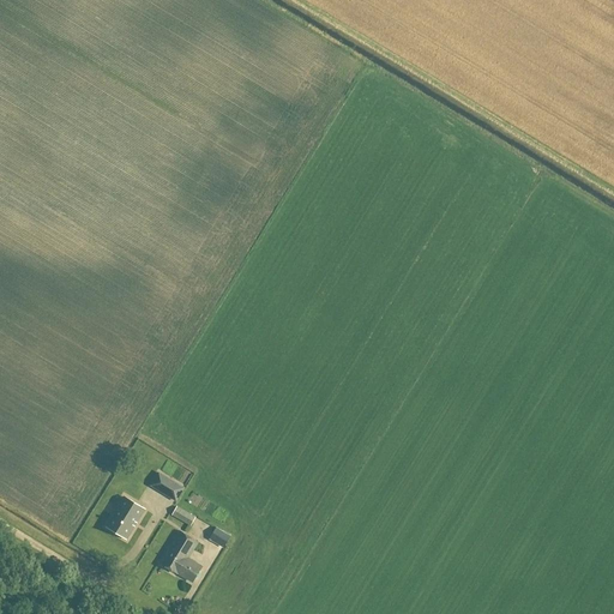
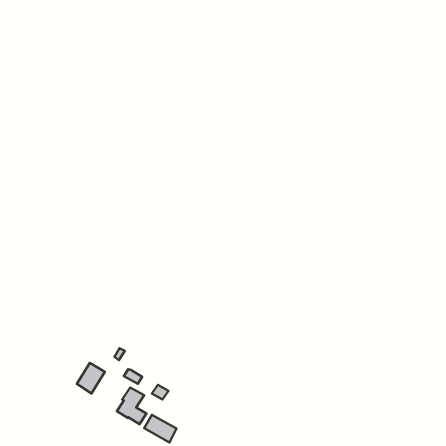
building: none -> [144,415,176,442]

